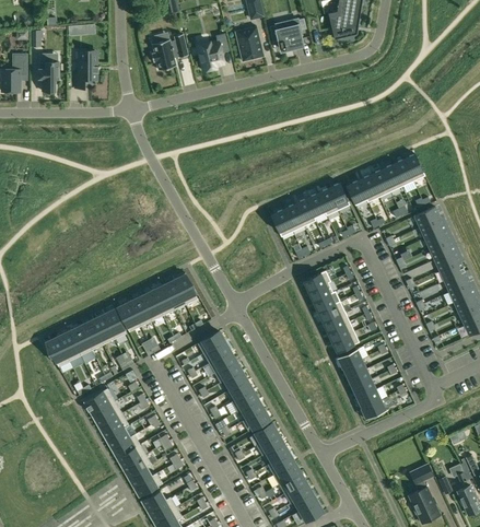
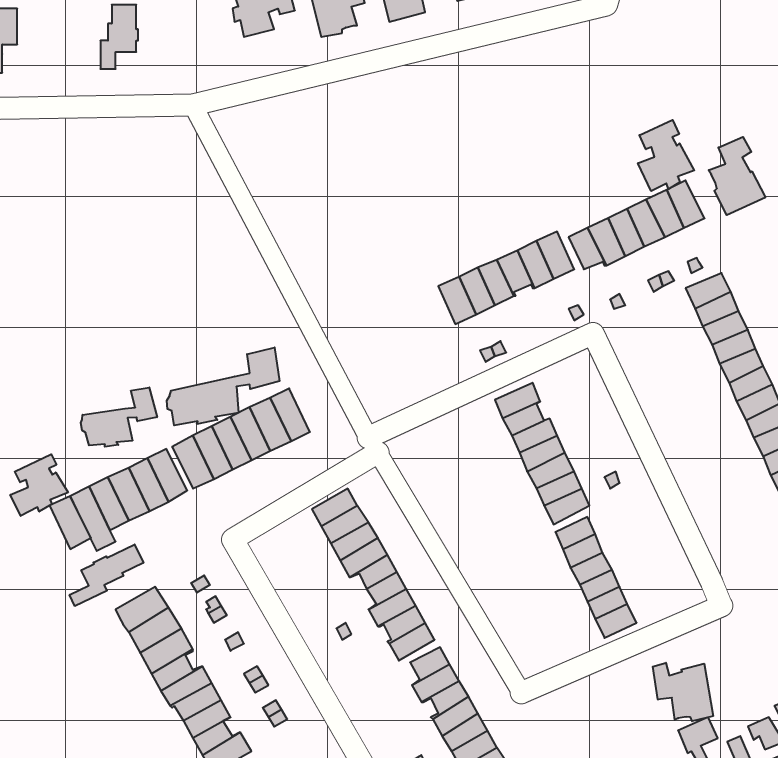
building: [38,54,58,91] -> none
building: none -> [638,120,694,191]
building: none -> [709,137,765,215]
building: none -> [167,347,280,425]
building: none -> [81,387,157,447]
building: none -> [10,454,68,516]
building: none -> [70,544,143,606]
building: none -> [653,663,713,721]

